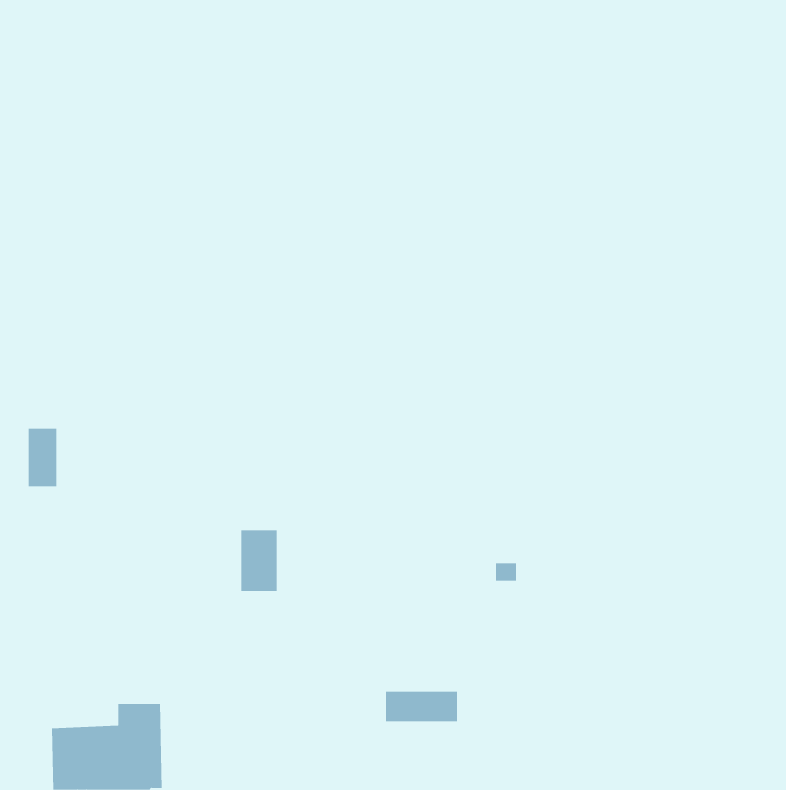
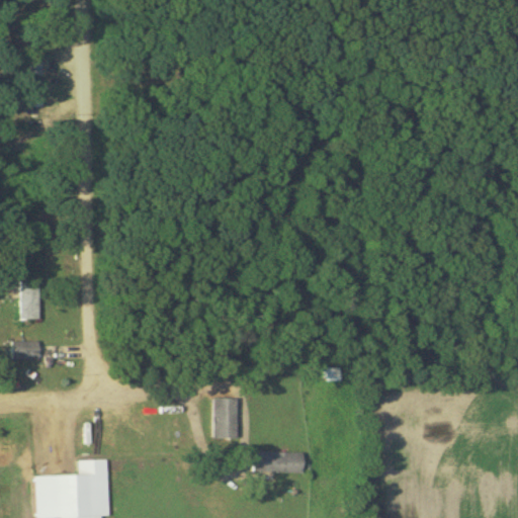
building: none -> [15,341,40,358]
building: [240,530,278,592] -> [213,399,238,439]

